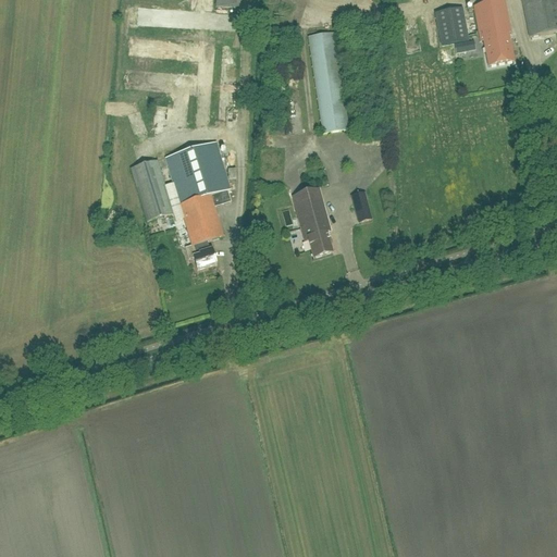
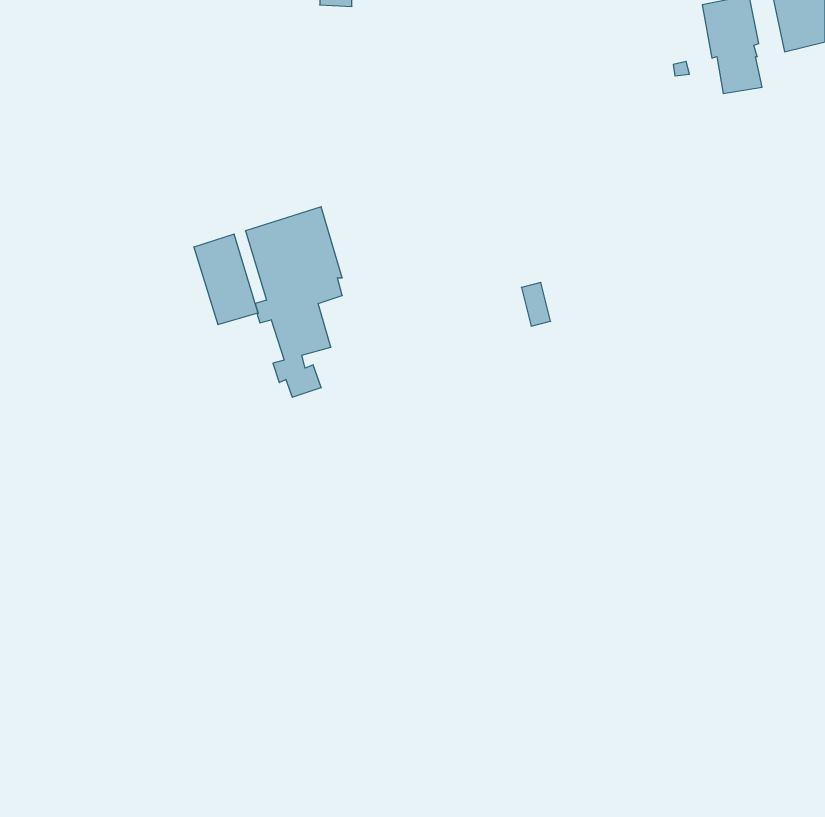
building: [434,5,468,42] -> none
building: [308,30,348,131] -> none
building: [292,186,333,256] -> none

